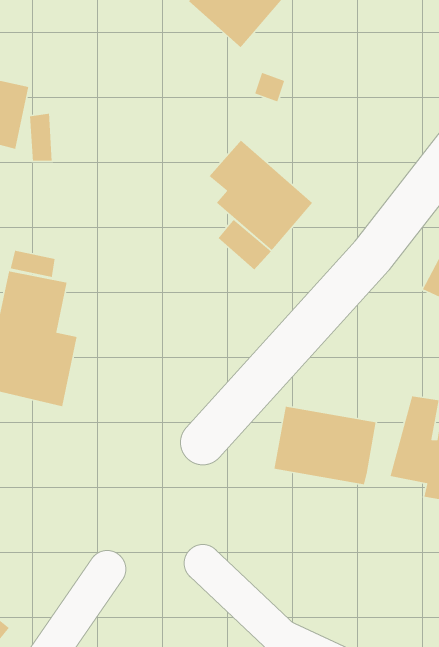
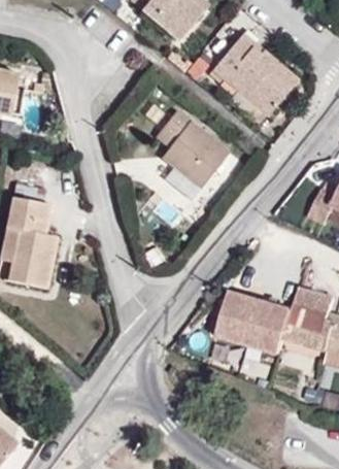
building: none -> [213,33,301,113]
building: none -> [268,282,299,343]

